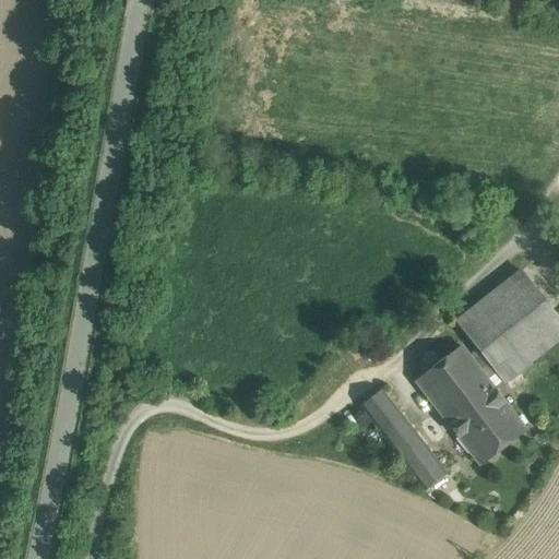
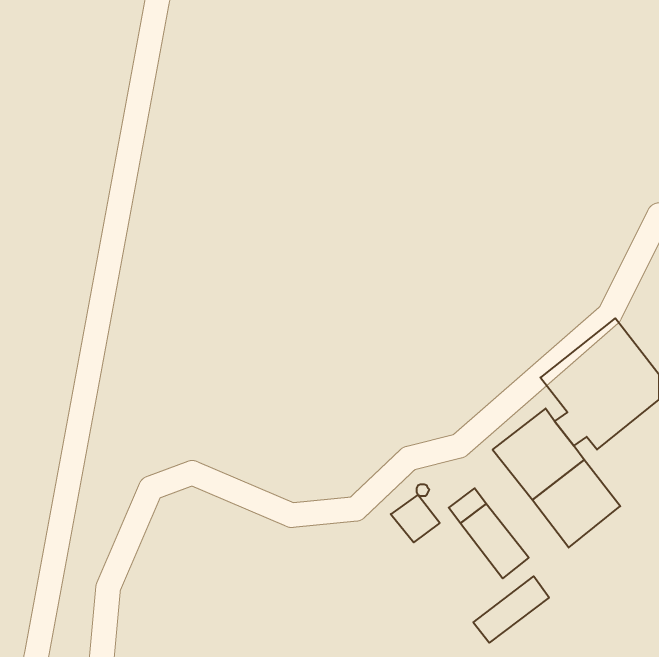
building: [360,390,402,430] -> [391,495,440,542]
building: none -> [473,576,549,643]

